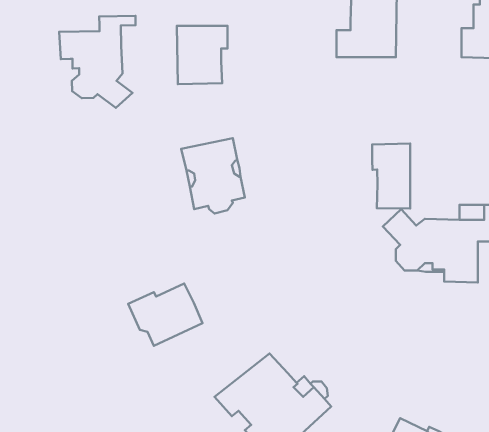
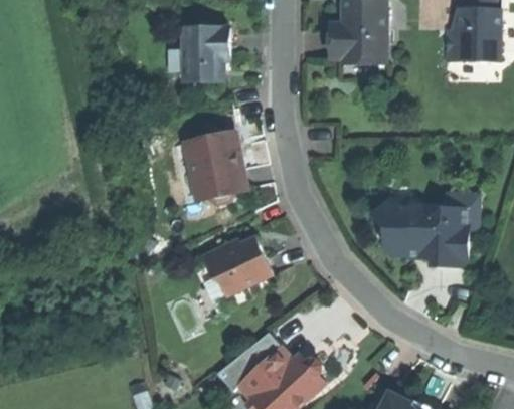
building: [59,16,136,108] -> none
building: [372,144,410,208] -> none
building: [128,283,202,346] -> [202,236,272,294]

